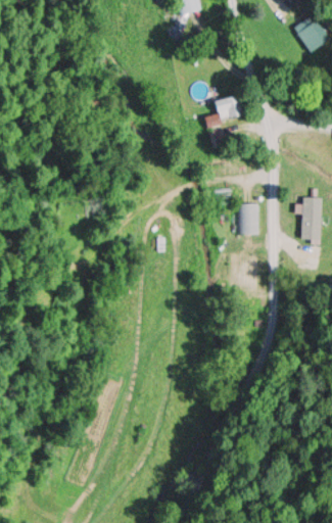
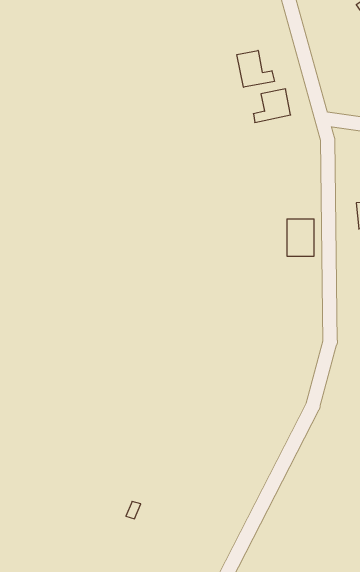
building: none -> [237,50,274,87]

